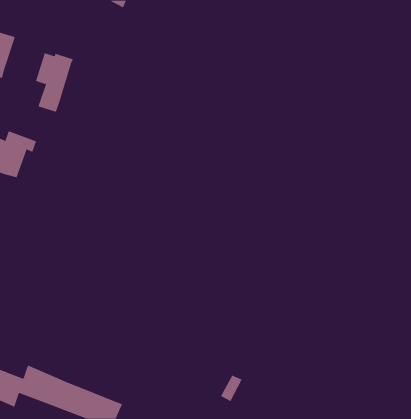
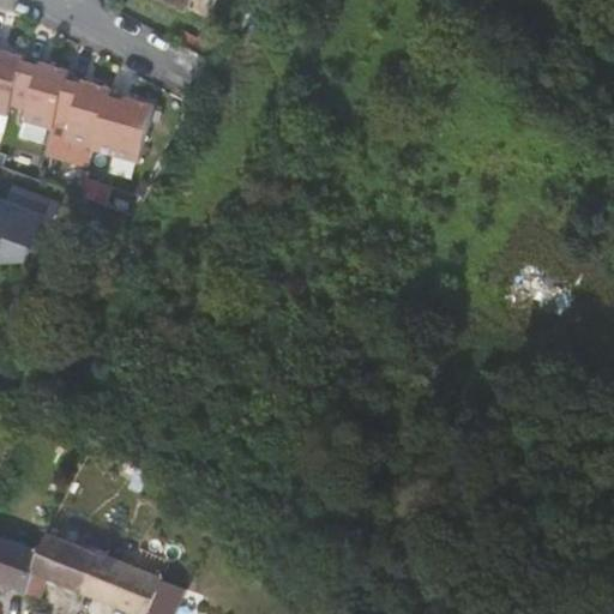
building: none -> [7,58,67,130]
building: none -> [89,91,152,162]

